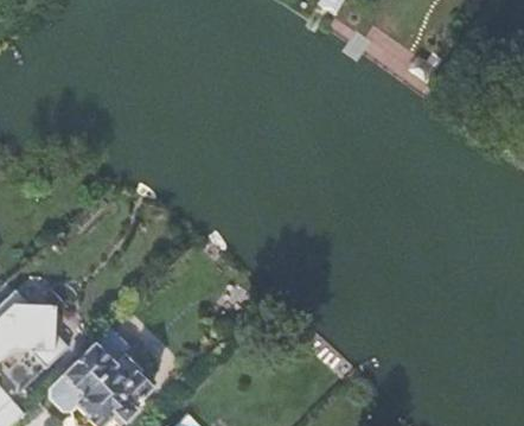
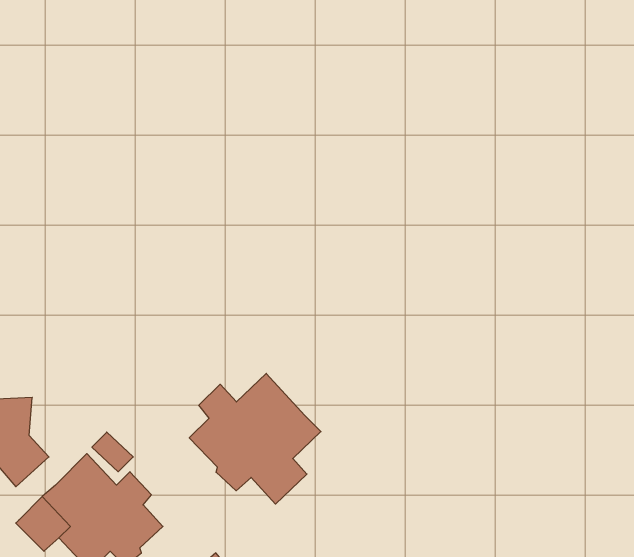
building: none -> [189,373,321,504]

